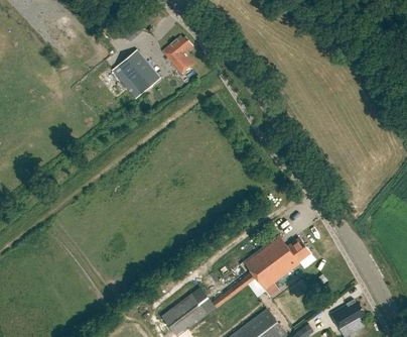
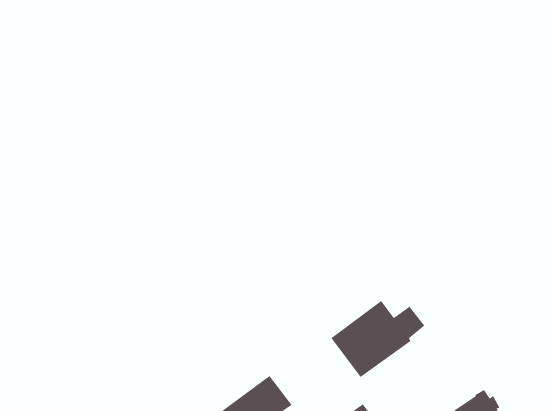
building: [163,35,193,74] -> none
building: [112,49,160,98] -> none

